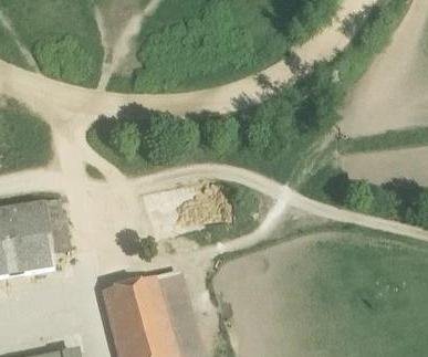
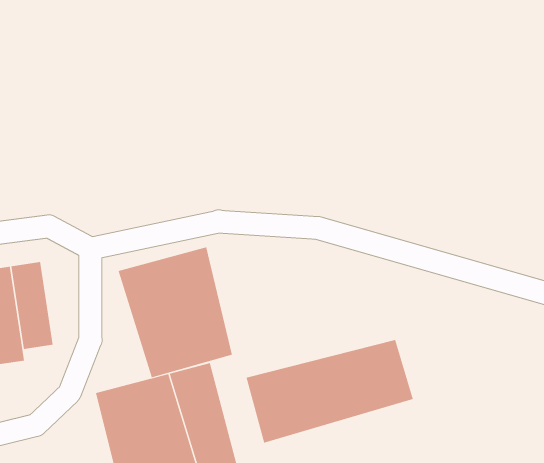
building: none -> [118,247,232,378]
building: none -> [246,339,414,443]

